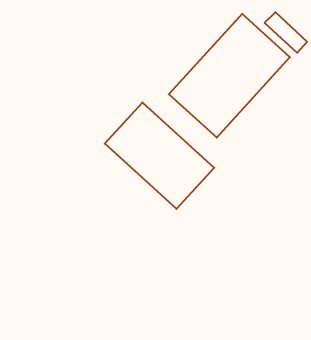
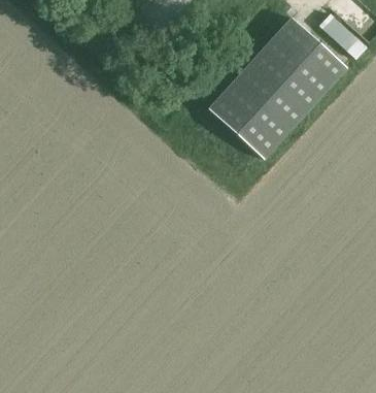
building: [105,102,214,209] -> none

